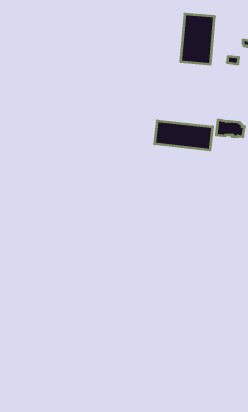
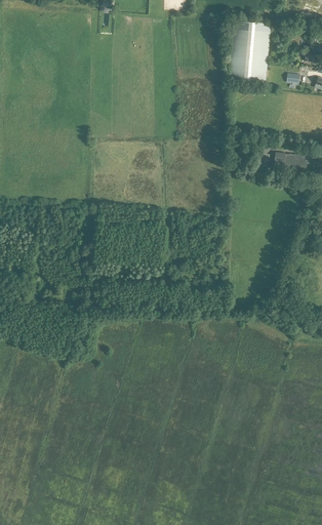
building: [155,121,213,150] -> none

